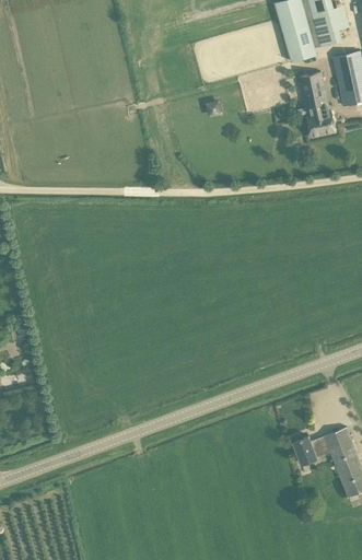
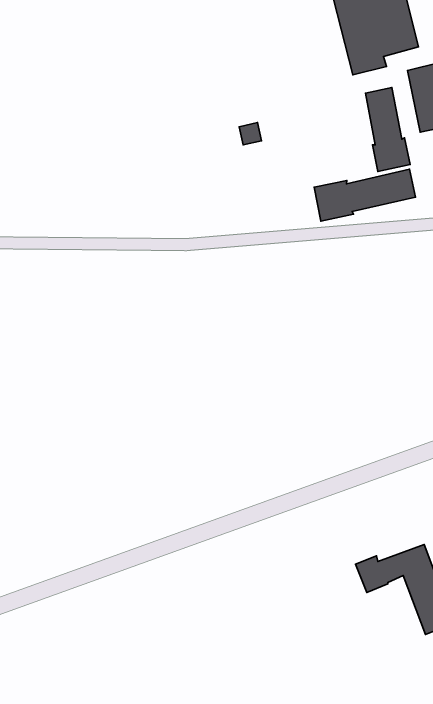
building: none -> [314,169,415,221]

